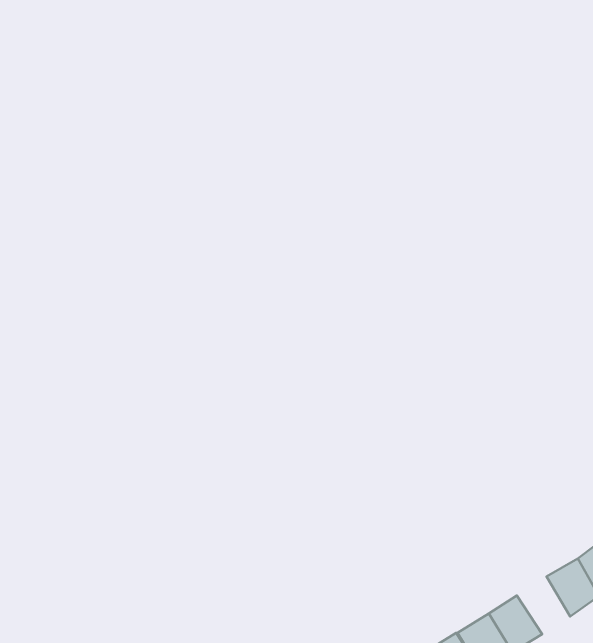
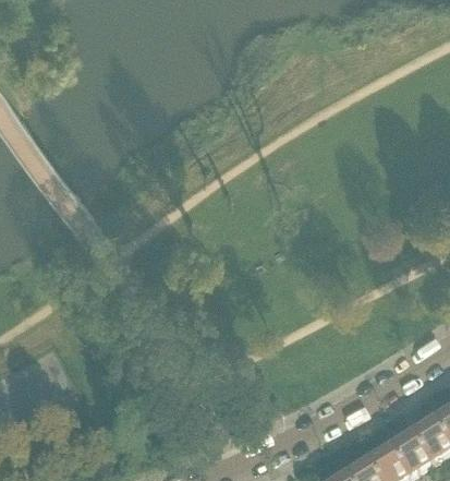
building: none -> [391,425,430,468]

